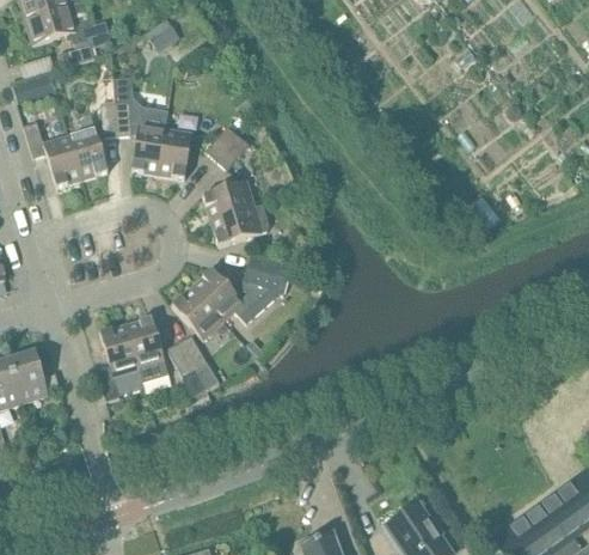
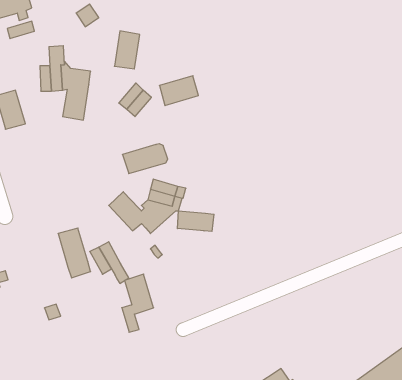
building: [69,114,108,178] -> none
building: [159,127,192,177] -> [114,31,140,69]
building: [203,179,254,219] -> [159,76,198,106]
building: [172,286,223,339] -> none
building: none -> [177,211,214,231]
building: [97,323,139,400] -> [122,274,154,332]

